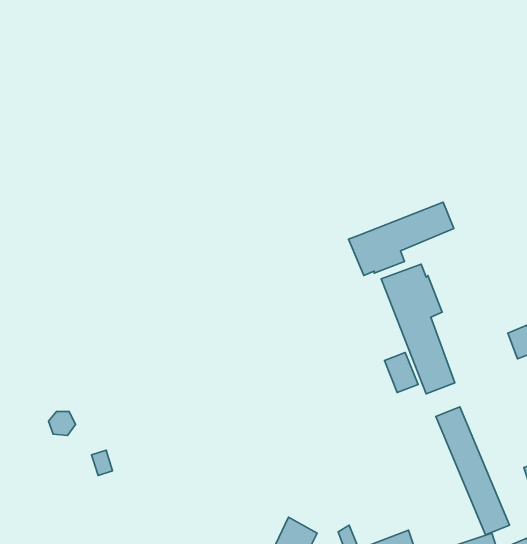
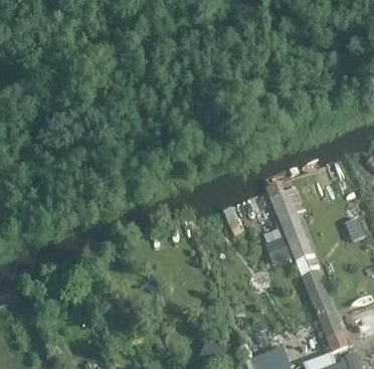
building: [349,202,454,275] -> none

